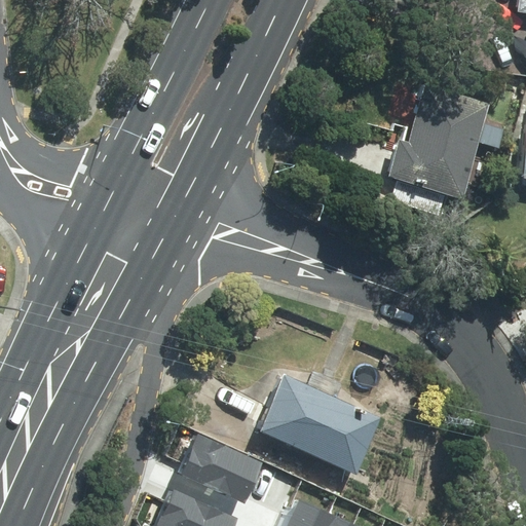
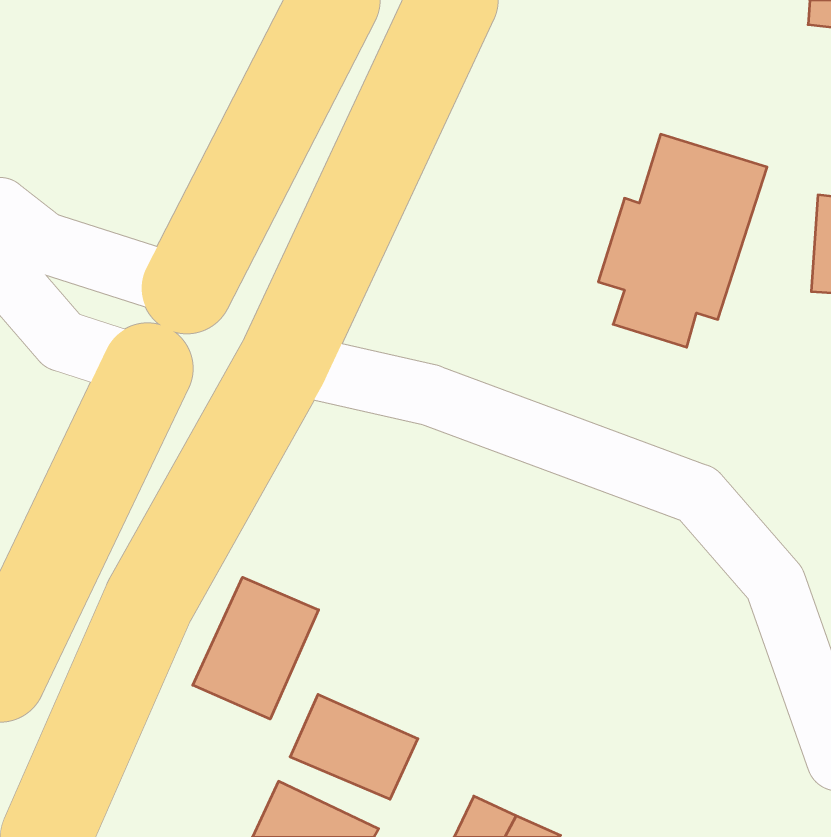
building: none -> [193,577,319,719]
building: [266,377,384,473] -> none

